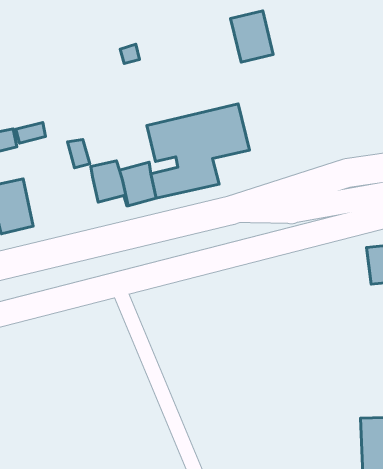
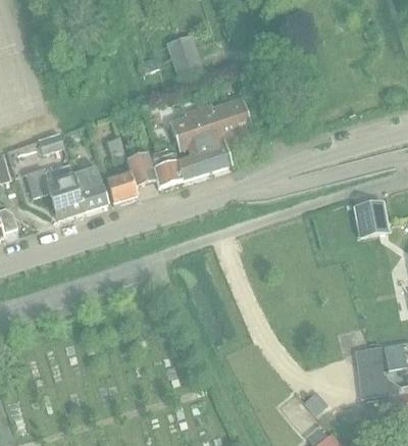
building: [231,11,273,62] -> [165,34,202,77]
building: none -> [70,165,105,210]
building: none -> [104,166,135,201]

